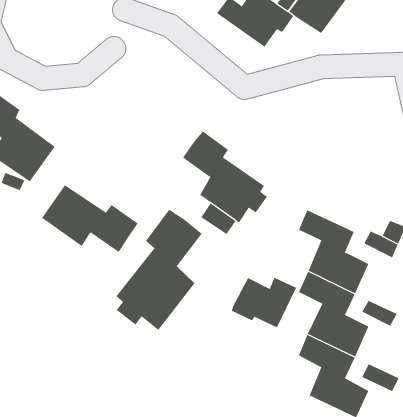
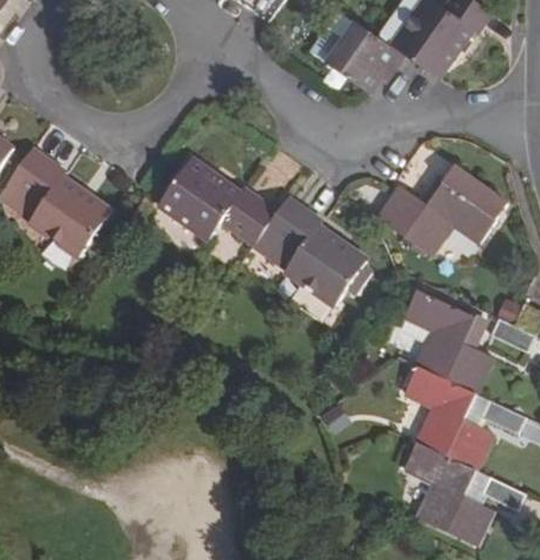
building: none -> [379,166,503,254]
building: [41,185,139,253] -> [159,160,278,243]
building: [116,209,203,331] -> none
building: [231,277,297,328] -> none

